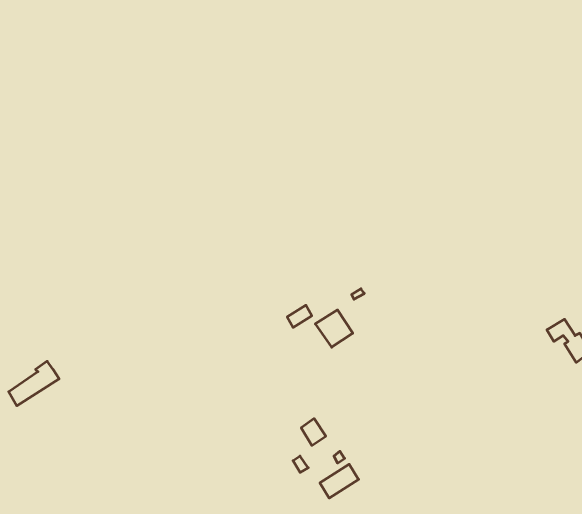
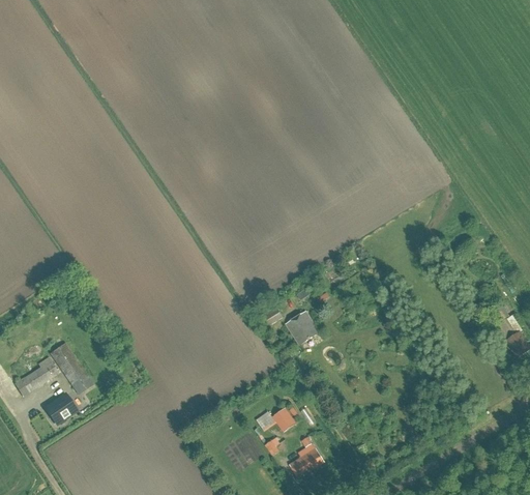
building: none -> [50,342,89,387]
building: none -> [46,395,77,424]

